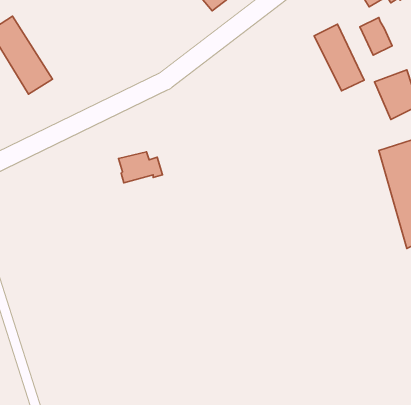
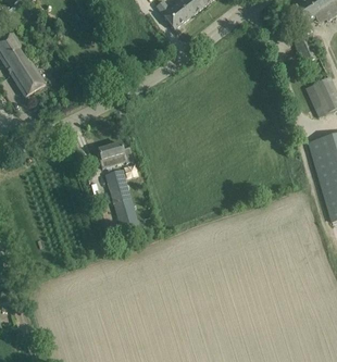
building: [314,24,364,91] -> none
building: none -> [105,168,139,233]

